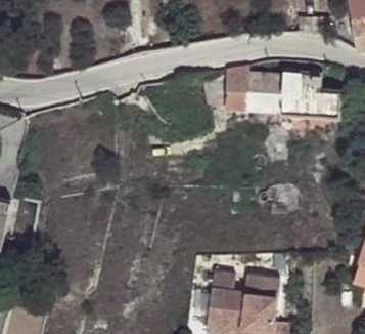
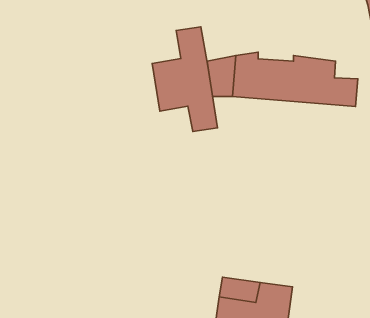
building: none -> [152,27,217,132]

